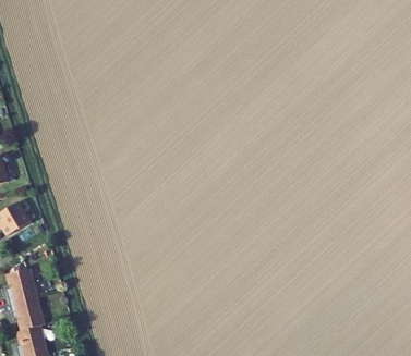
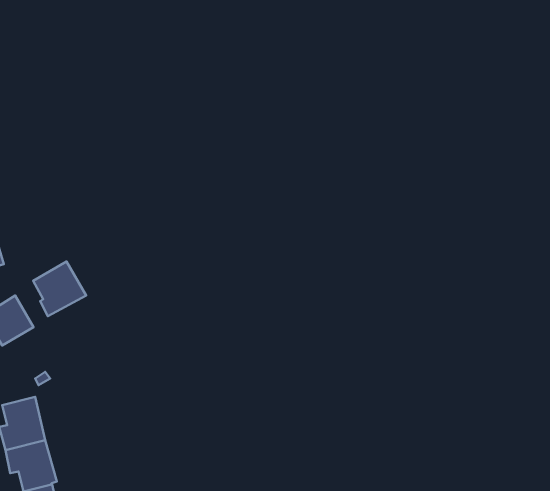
building: none -> [33,262,86,316]

